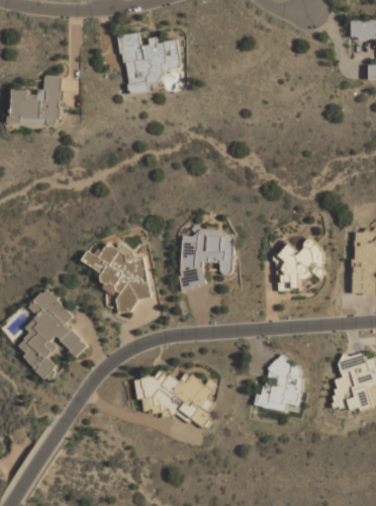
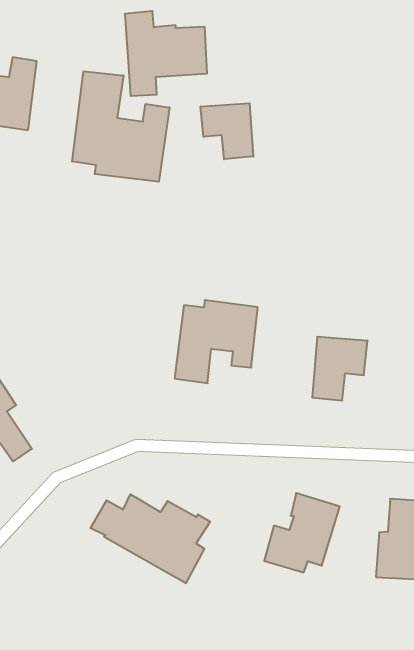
building: none -> [72,71,170,182]
building: none -> [201,103,253,159]
building: [83,244,151,308] -> none

